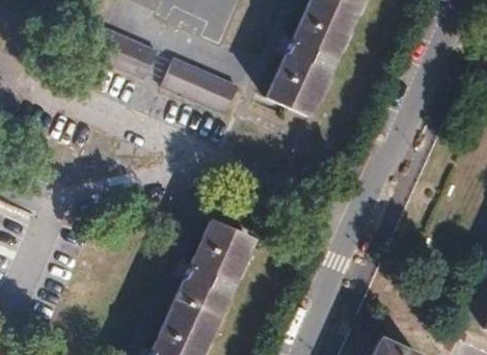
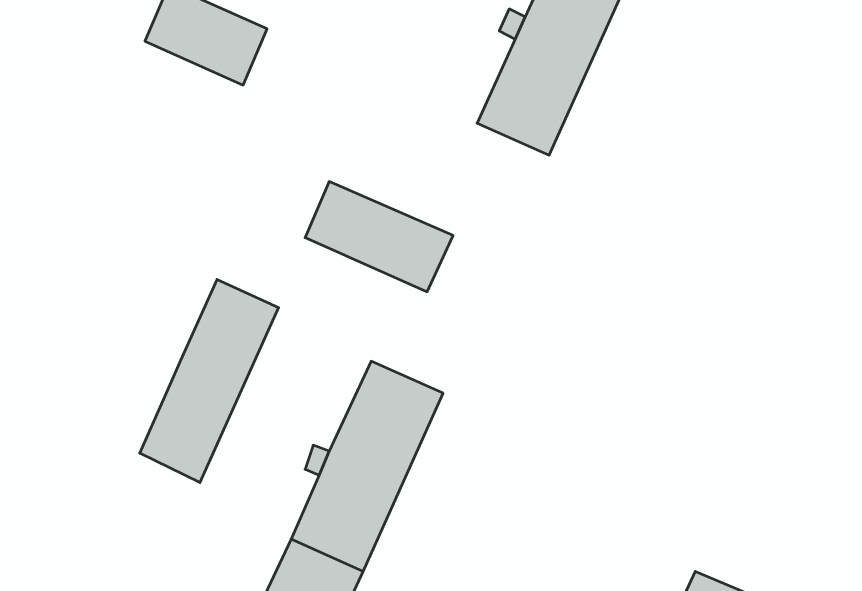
building: [165,59,242,116] -> [305,182,453,292]
building: none -> [140,279,279,483]

